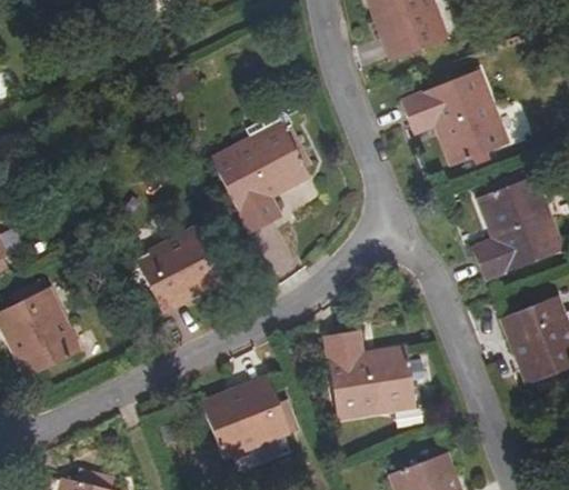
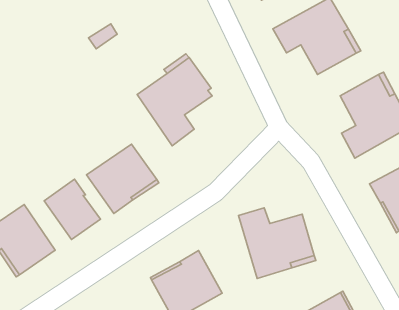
building: none -> [44,179,100,240]

